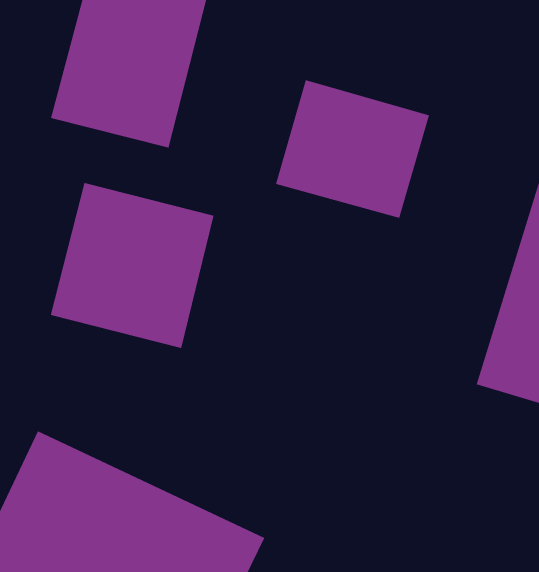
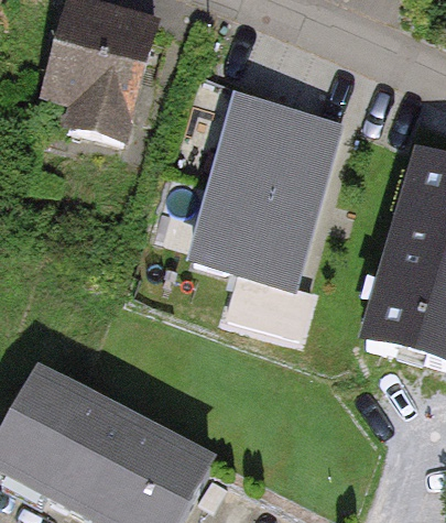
building: [50,182,214,349] -> none
building: none -> [191,174,309,281]

